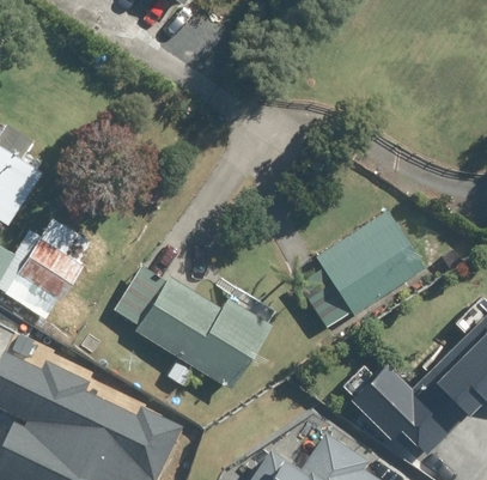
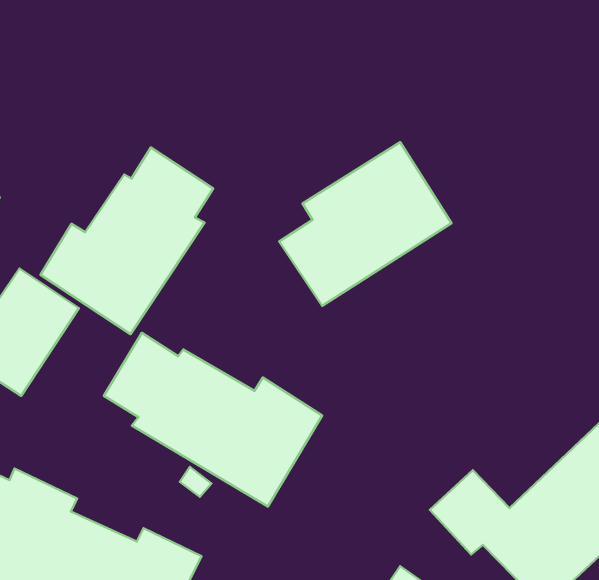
building: none -> [40,147,213,334]
building: [299,212,424,330] -> [279,142,451,306]

